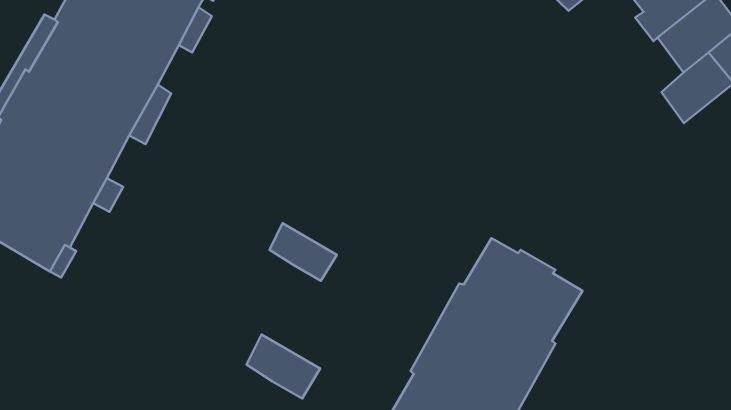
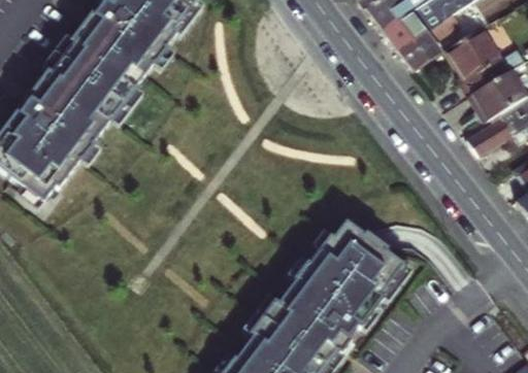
building: [269,223,337,281] -> none
building: [246,335,320,398] -> none

